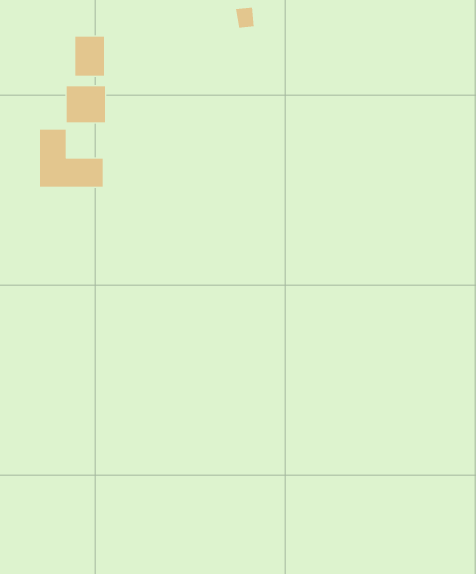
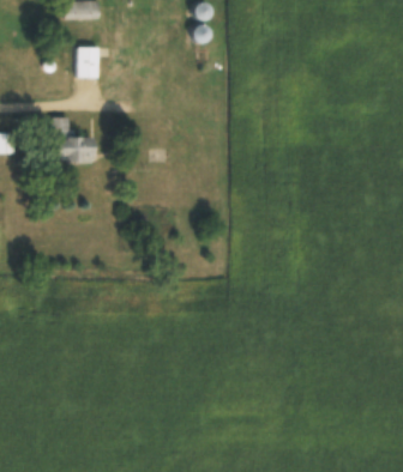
building: [66,85,106,123] -> none

